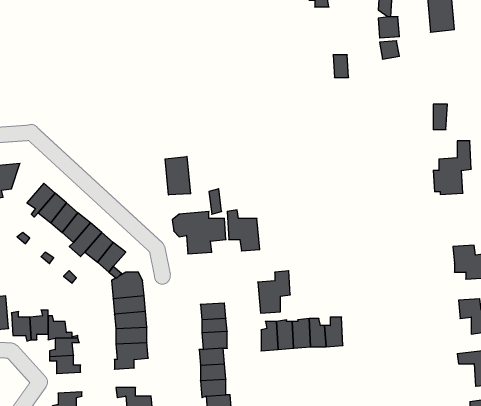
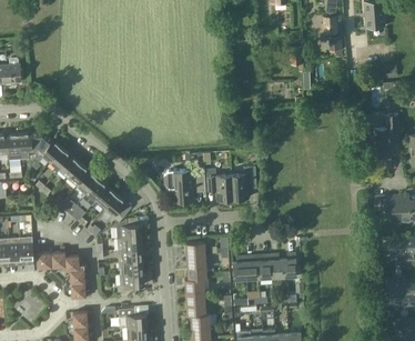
building: [165,156,191,195] -> none
building: none -> [34,132,62,163]
building: [258,271,290,313] -> [230,167,255,200]

